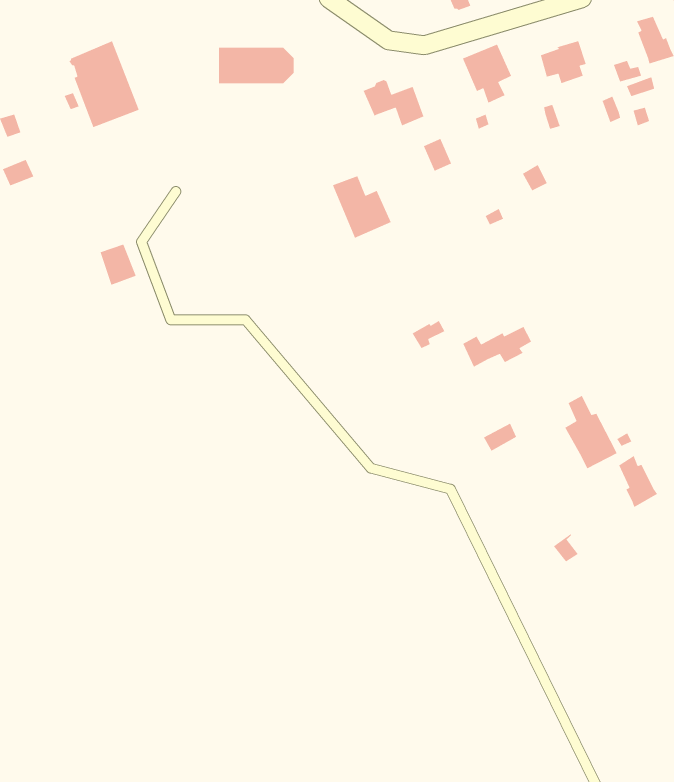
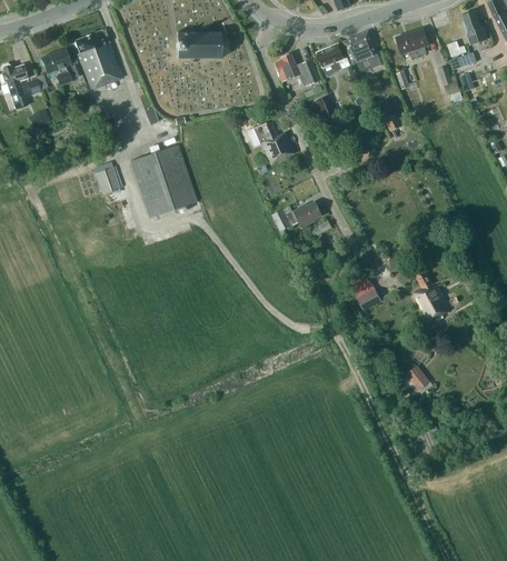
building: none -> [317,43,342,74]
building: none -> [40,48,72,86]
building: none -> [130,143,197,217]
building: [462,326,532,368] -> [272,201,320,230]
building: [618,455,658,508] -> none

